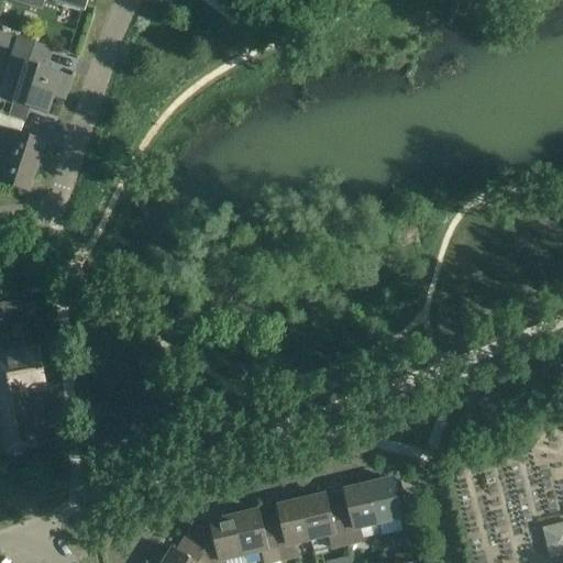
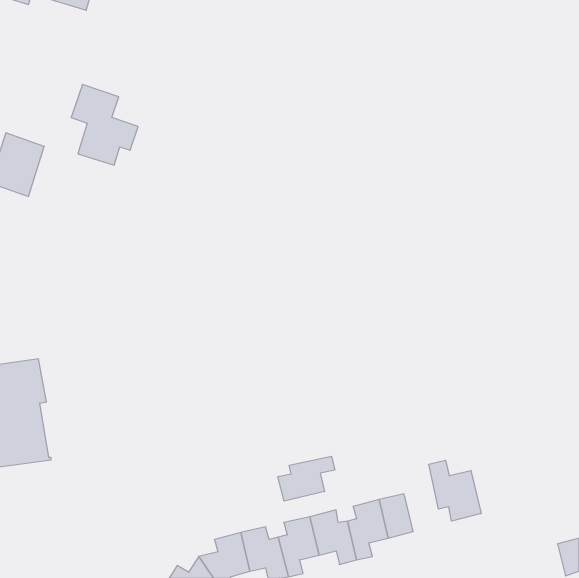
building: [5,35,70,113] -> [71,84,138,165]
building: none -> [278,456,335,501]
building: none -> [429,460,481,521]

